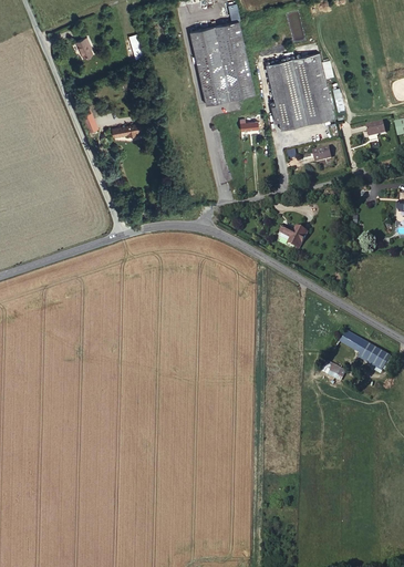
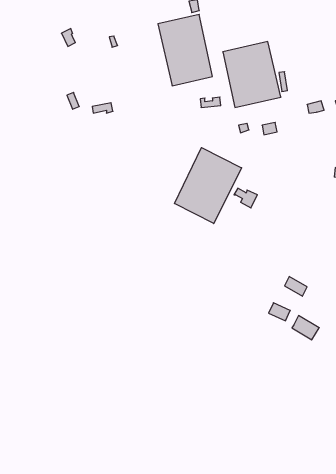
building: none -> [175,148,242,224]
building: [358,341,390,370] -> [292,316,319,340]

